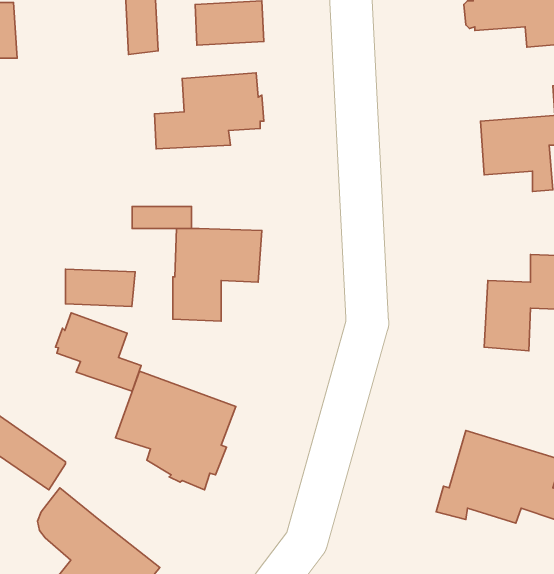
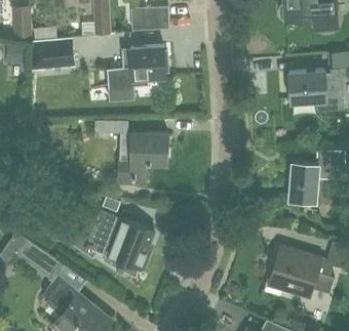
building: none -> [30,37,75,71]
building: [66,269,135,307] -> none
building: [56,313,141,391] -> none

